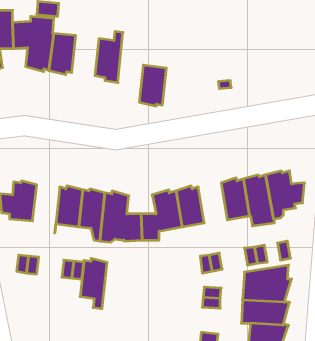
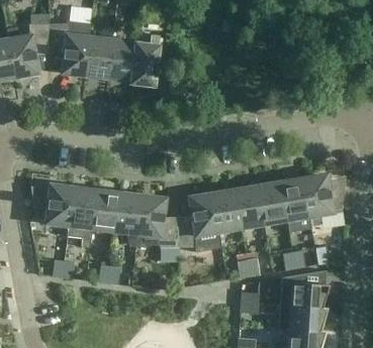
building: [139,65,166,106] -> [107,38,134,80]
building: none -> [235,186,264,227]
building: [80,258,107,309] -> [68,187,95,237]

